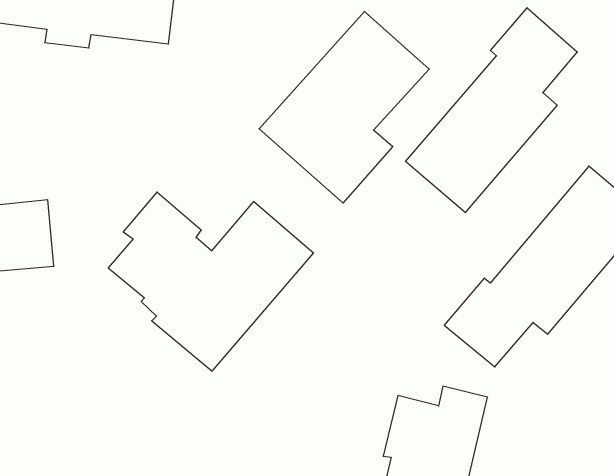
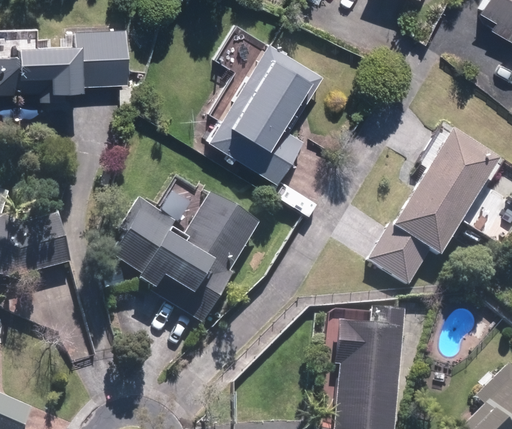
building: [406,8,577,213] -> none

